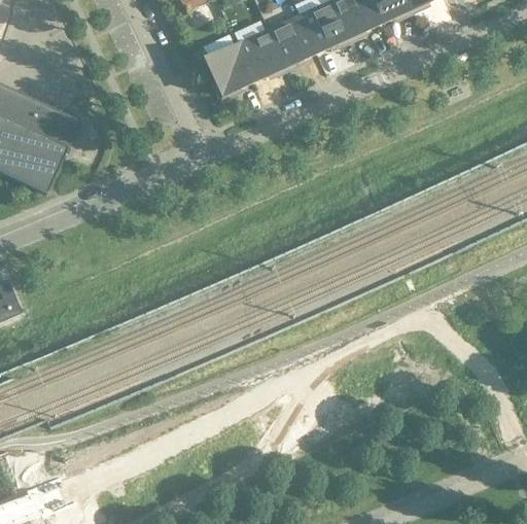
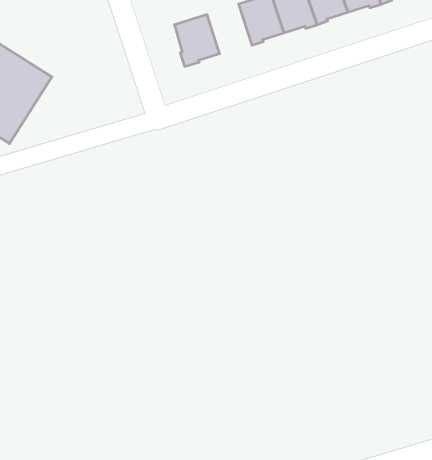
building: [233,28,282,80] -> none

